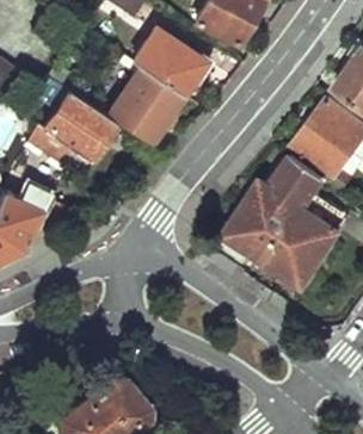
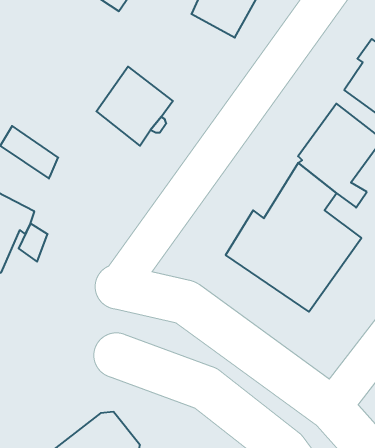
building: [131,29,204,98] -> none
building: [41,93,112,173] -> none

